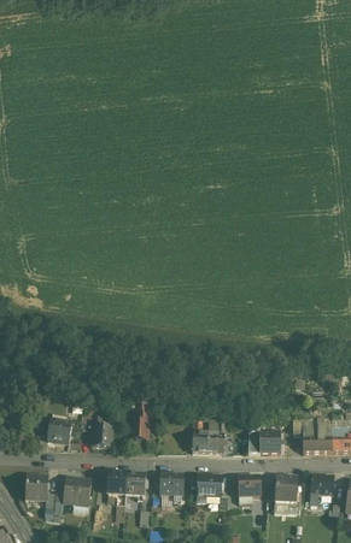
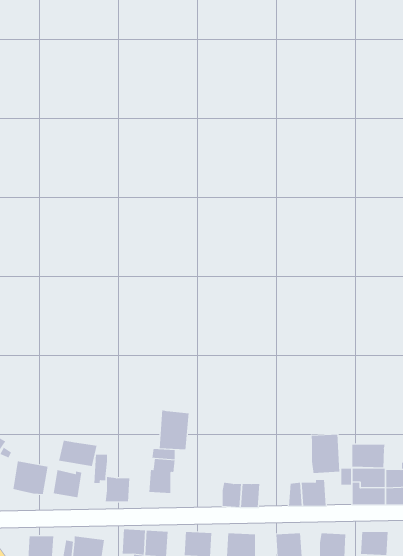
building: none -> [159,409,189,450]
building: none -> [311,434,340,474]
building: none -> [59,440,97,467]
building: none -> [352,444,385,468]
building: none -> [13,461,48,495]

